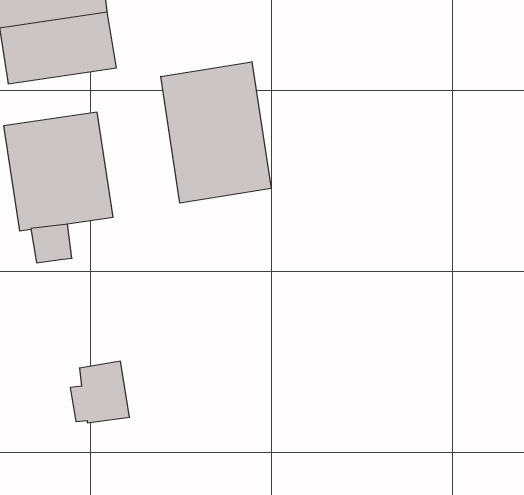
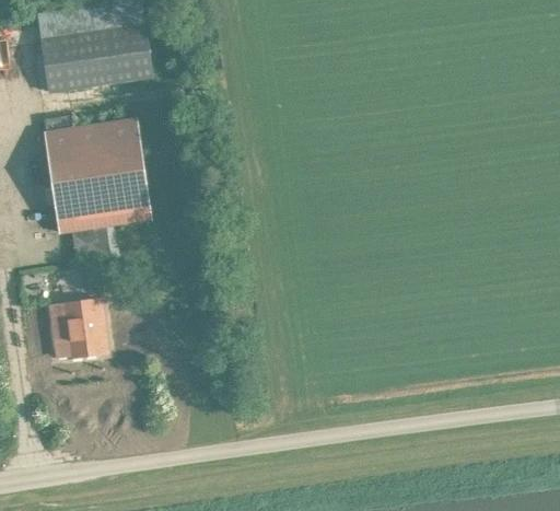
building: [161,62,271,203] -> none
building: [70,361,130,423] -> [51,299,108,358]

